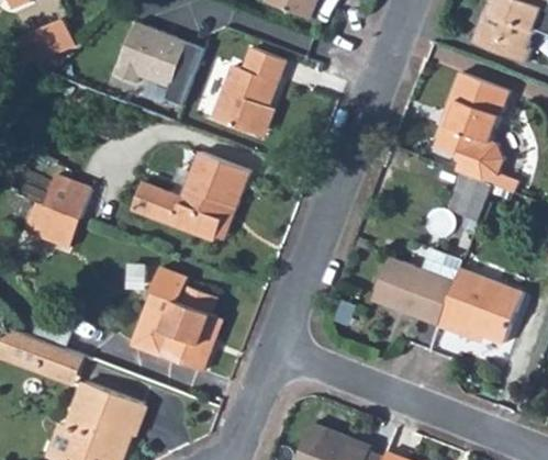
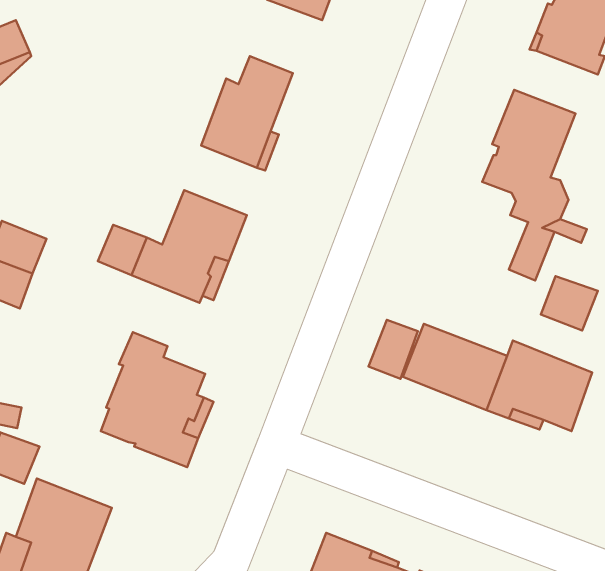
building: [114,21,204,104] -> none
building: none -> [541,276,598,330]
building: none -> [369,320,418,379]

